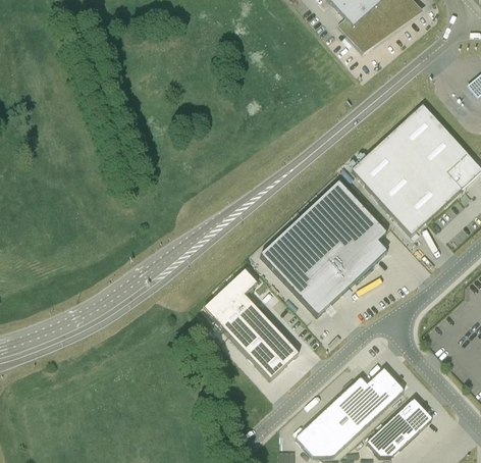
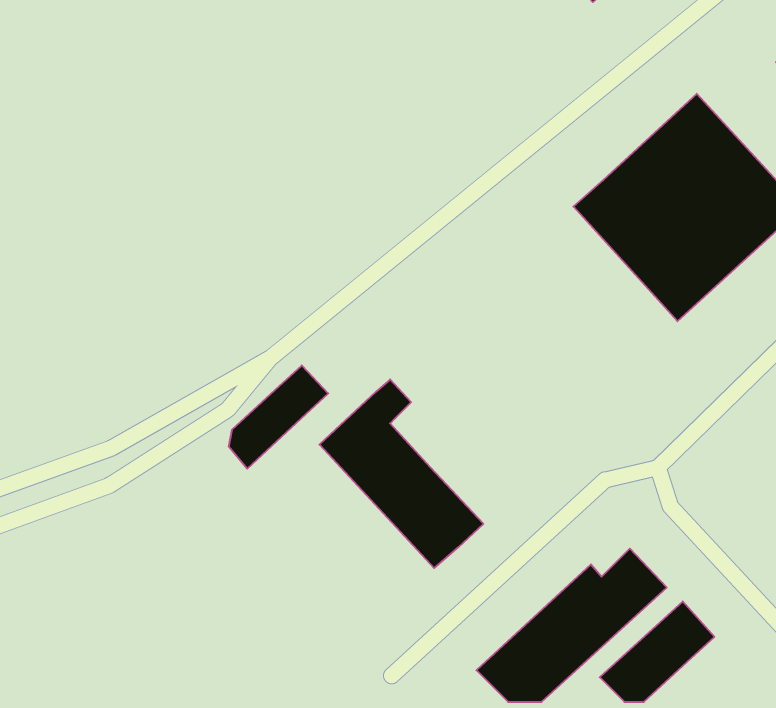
building: [260,181,386,316] -> none
building: none -> [229,365,328,469]

